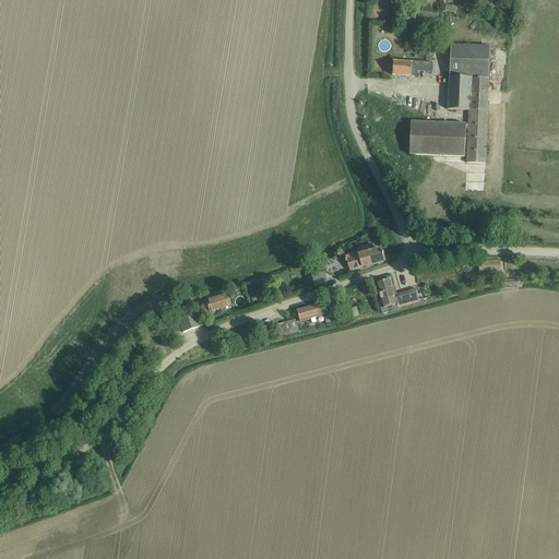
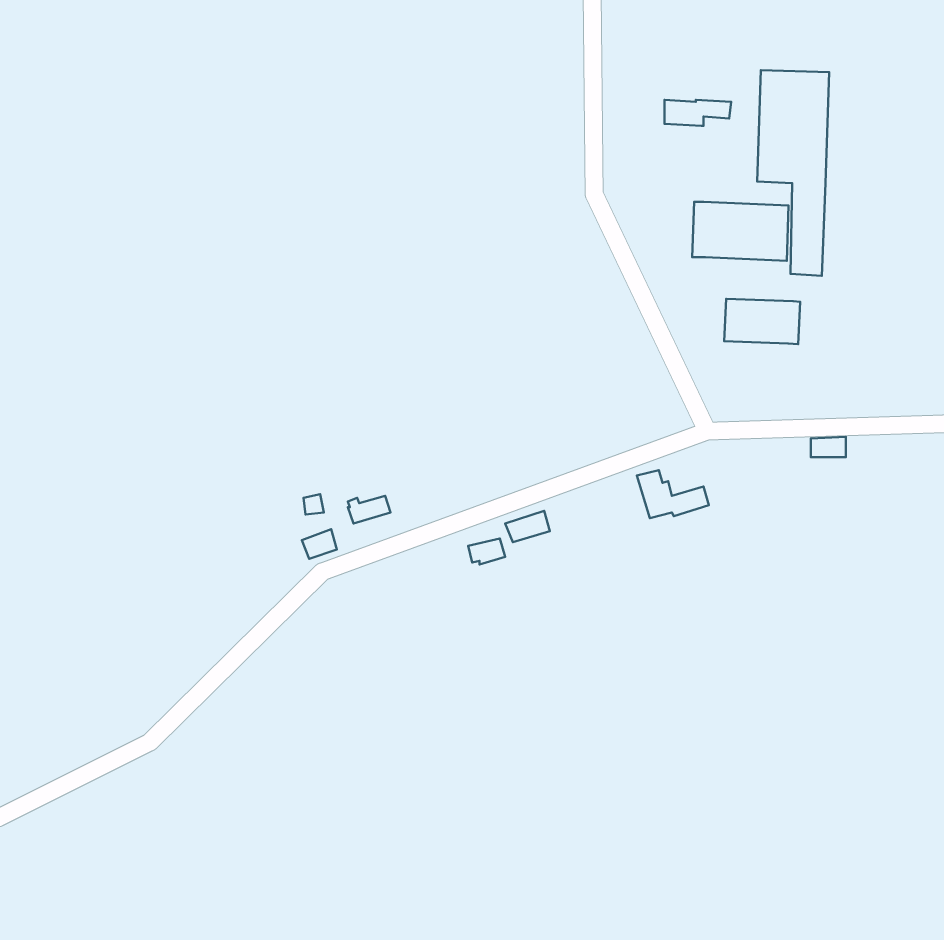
building: none -> [724,299,800,344]
building: [345,245,383,267] -> none

